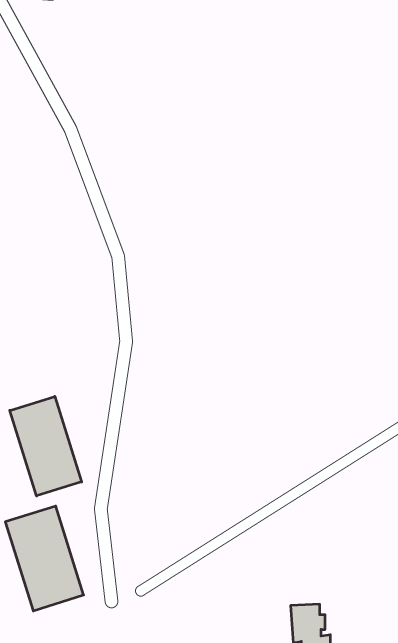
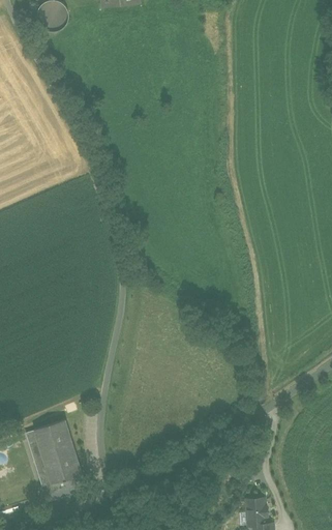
building: [10,396,82,496] -> none

